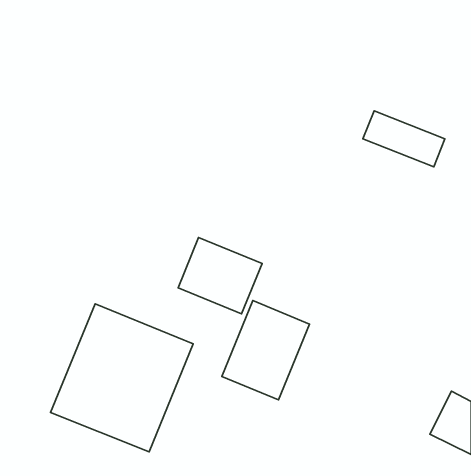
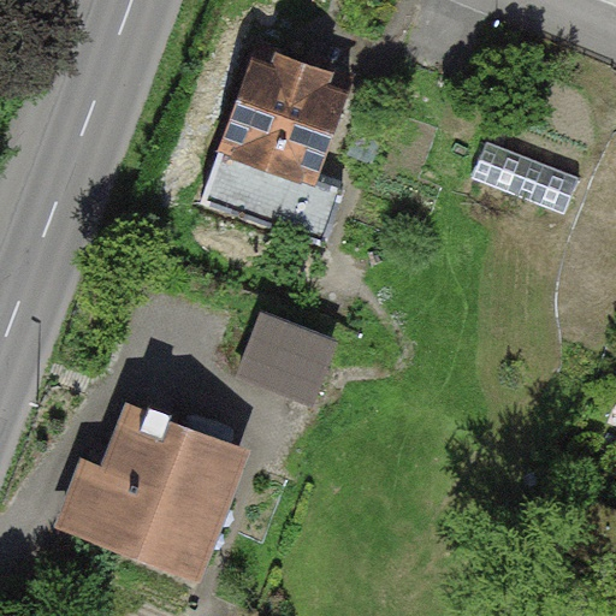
building: none -> [205,45,381,233]
building: [222,301,309,400] -> none

